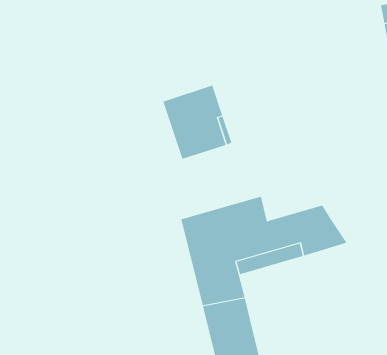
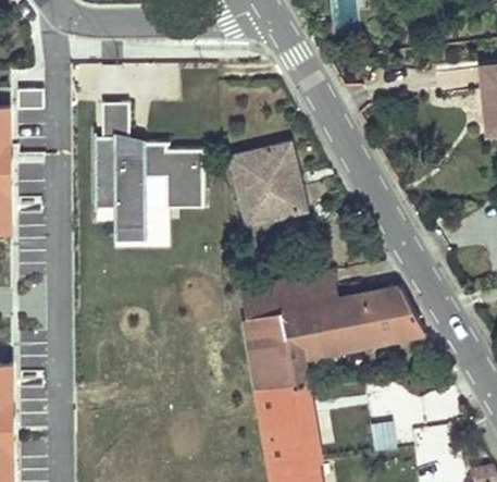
building: none -> [95,101,204,239]

